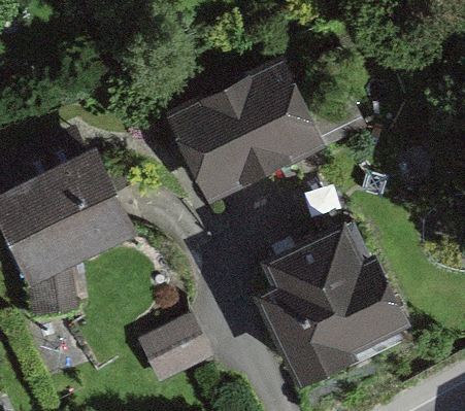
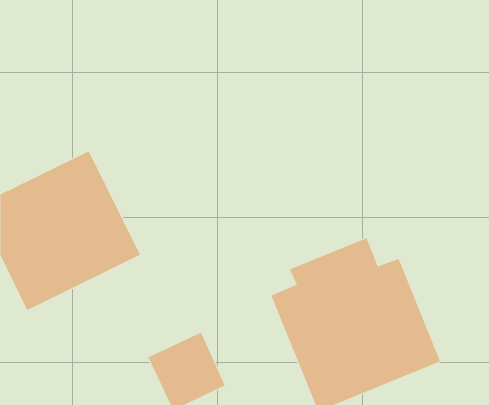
building: [162,64,310,198] -> none

